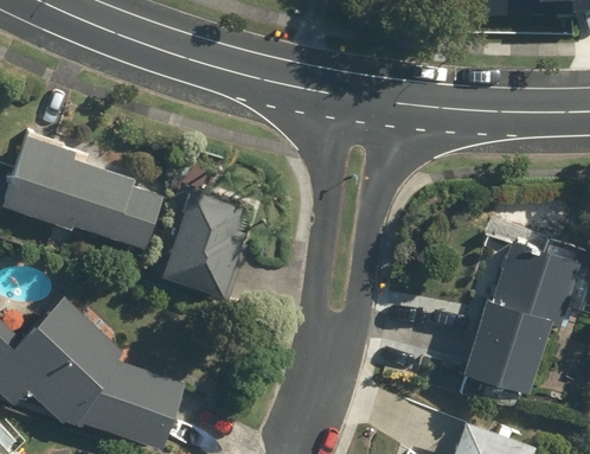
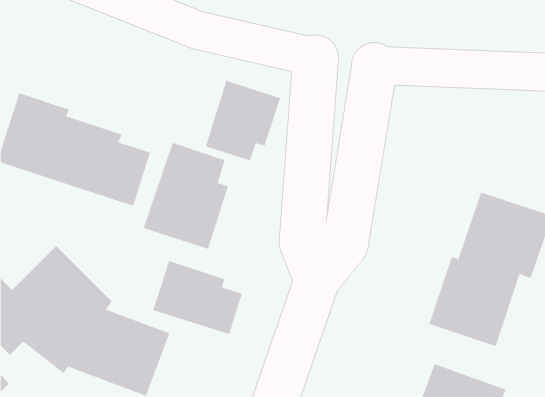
building: none -> [205,80,281,161]
building: none -> [152,260,242,335]

